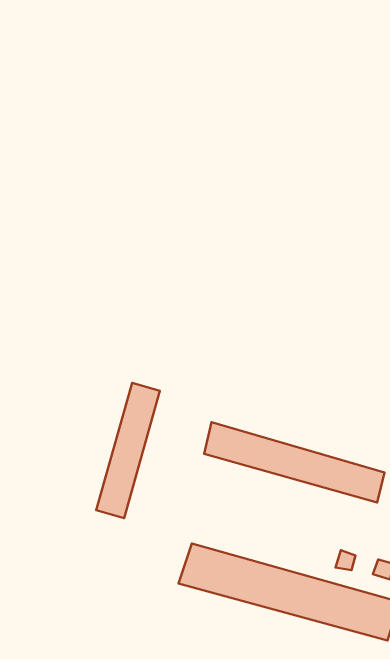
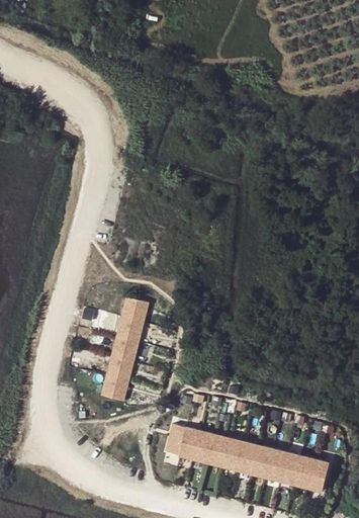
building: [204,422,385,502] -> none

